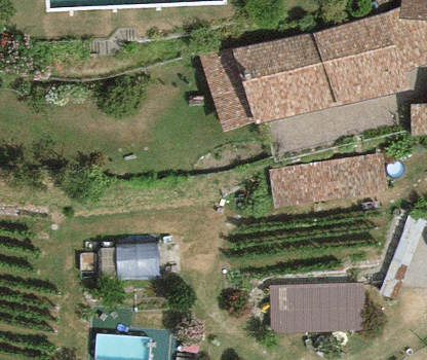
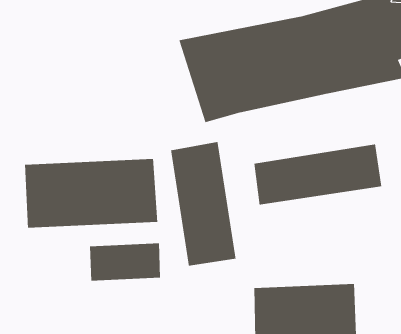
building: none -> [170,141,236,267]
building: none -> [24,158,158,229]

